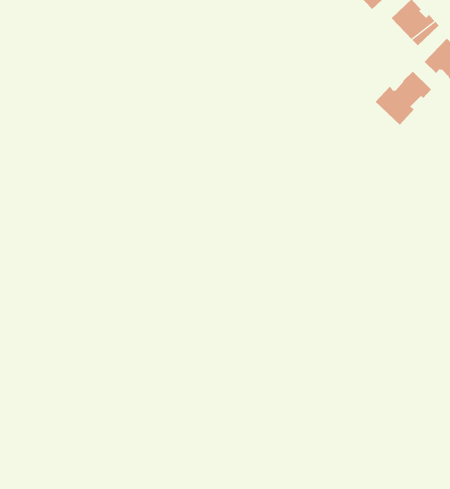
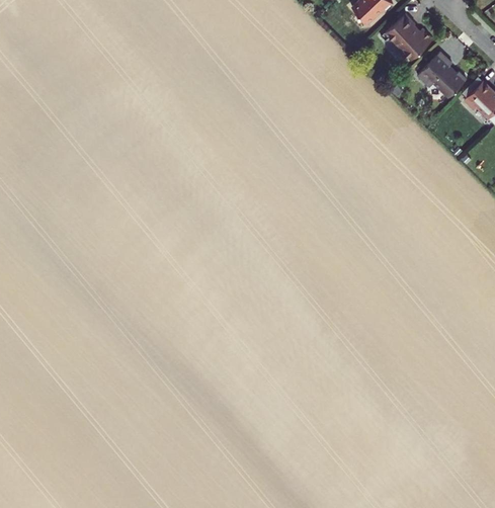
building: [375,71,432,126] -> none

